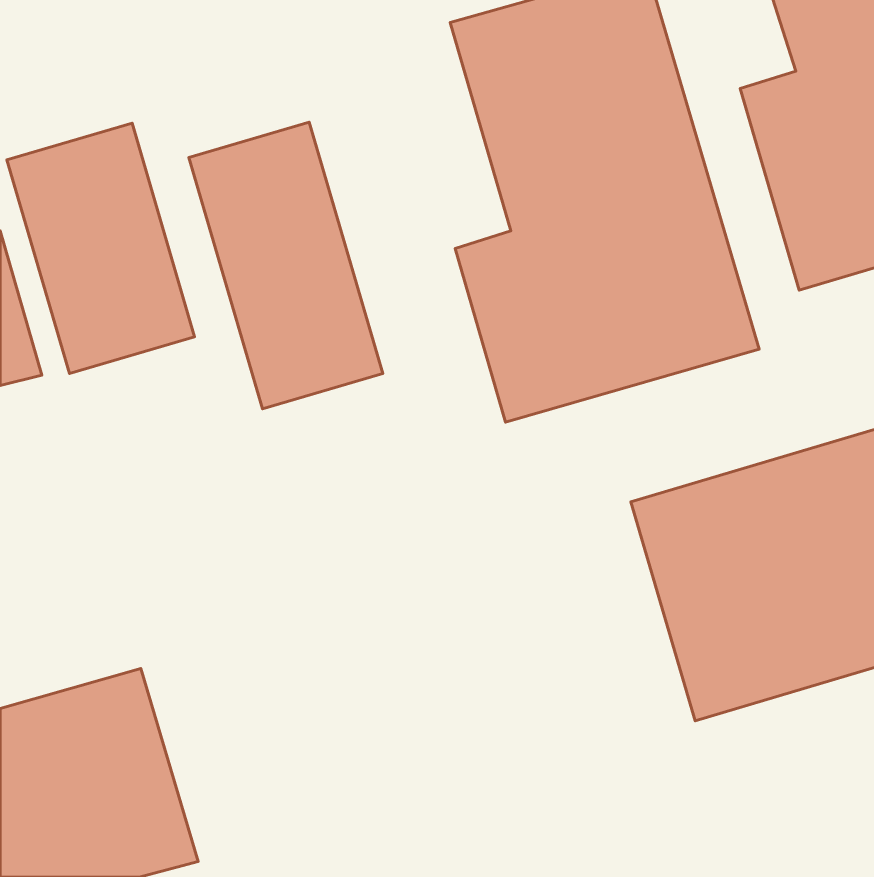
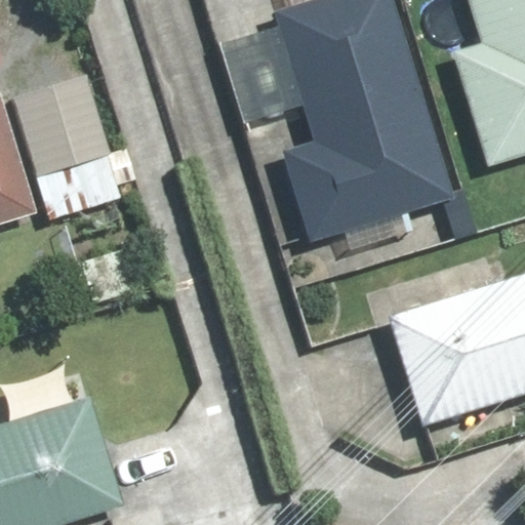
building: [189,122,383,409] -> none

